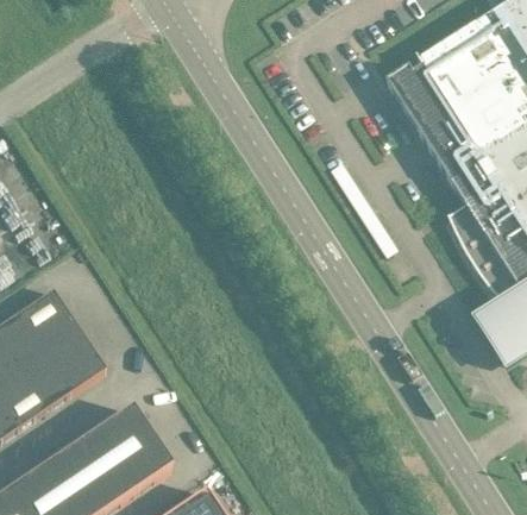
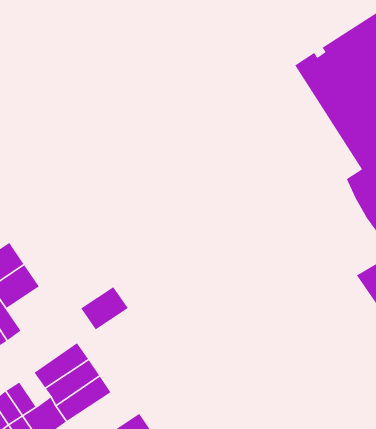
building: [48,340,105,392] -> [80,286,129,330]
building: [63,441,100,482] -> none

